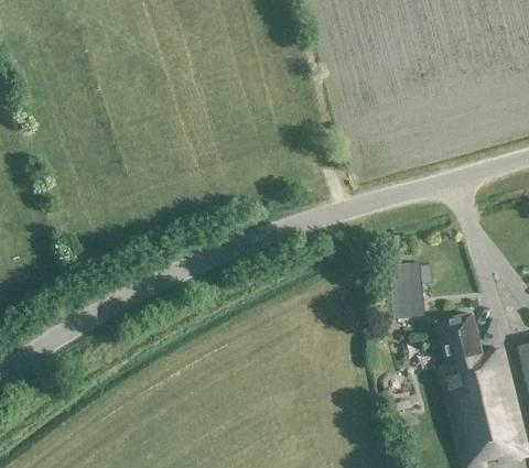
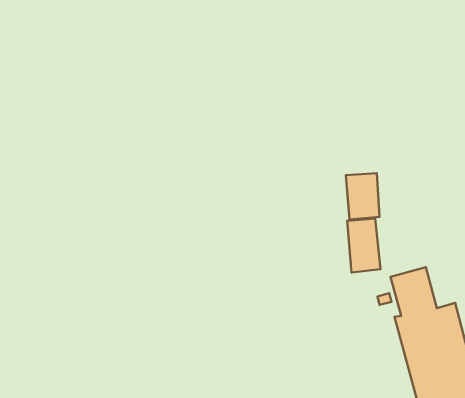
building: none -> [346,173,379,220]

